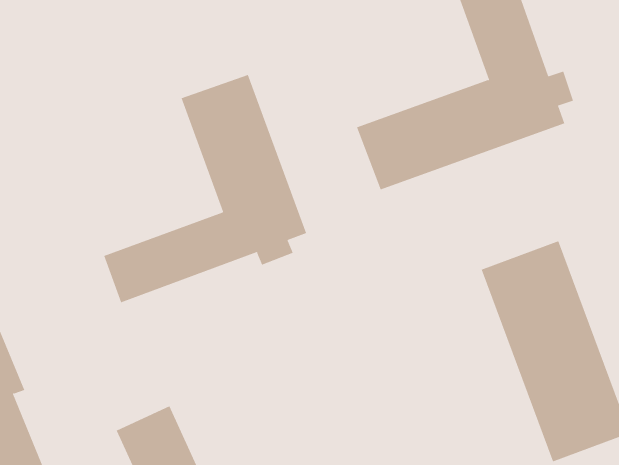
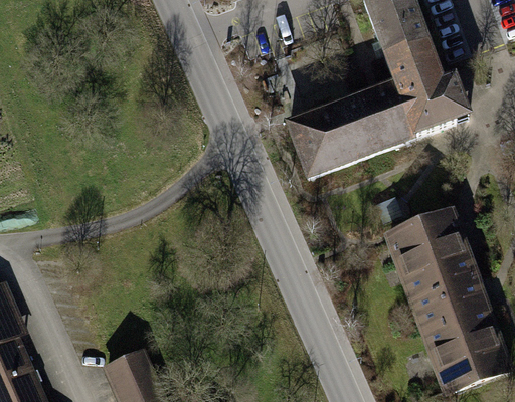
building: [104,74,307,303] -> none

